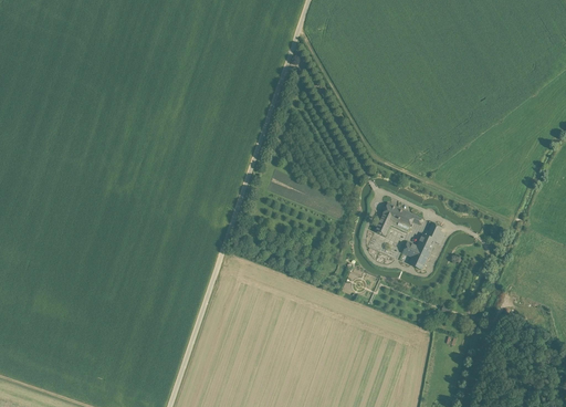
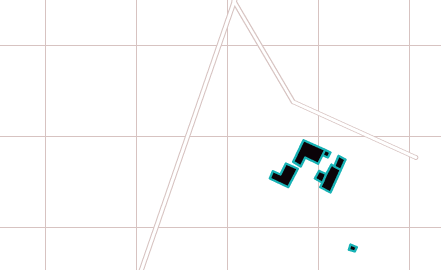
building: none -> [270,163,298,187]

